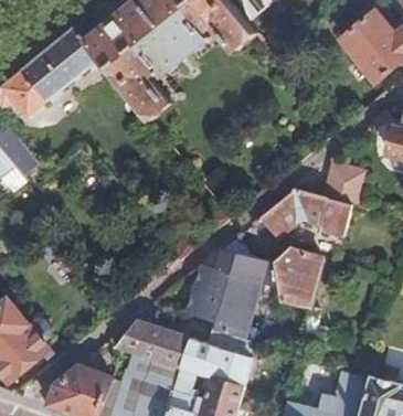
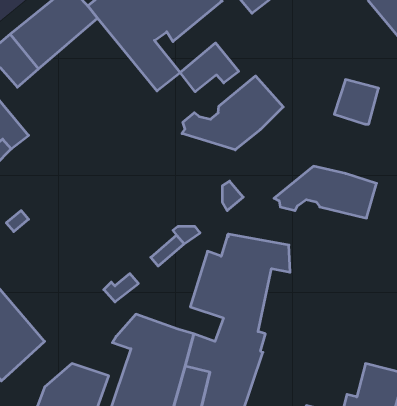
building: none -> [180,43,239,92]
building: none -> [182,76,283,150]
building: [321,164,361,204] -> [334,80,379,124]
building: [271,245,309,306] -> none

